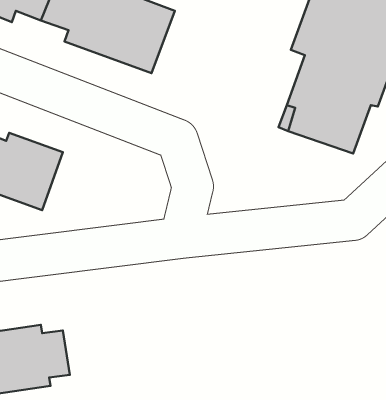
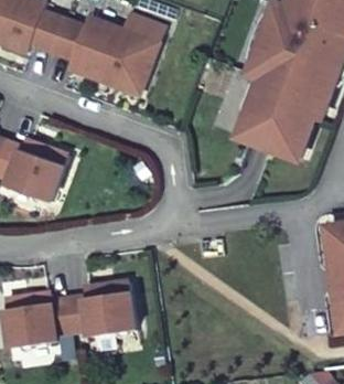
building: none -> [66,280,133,334]

